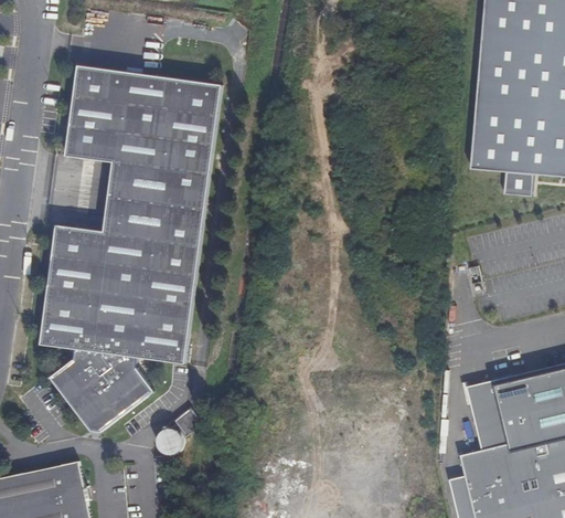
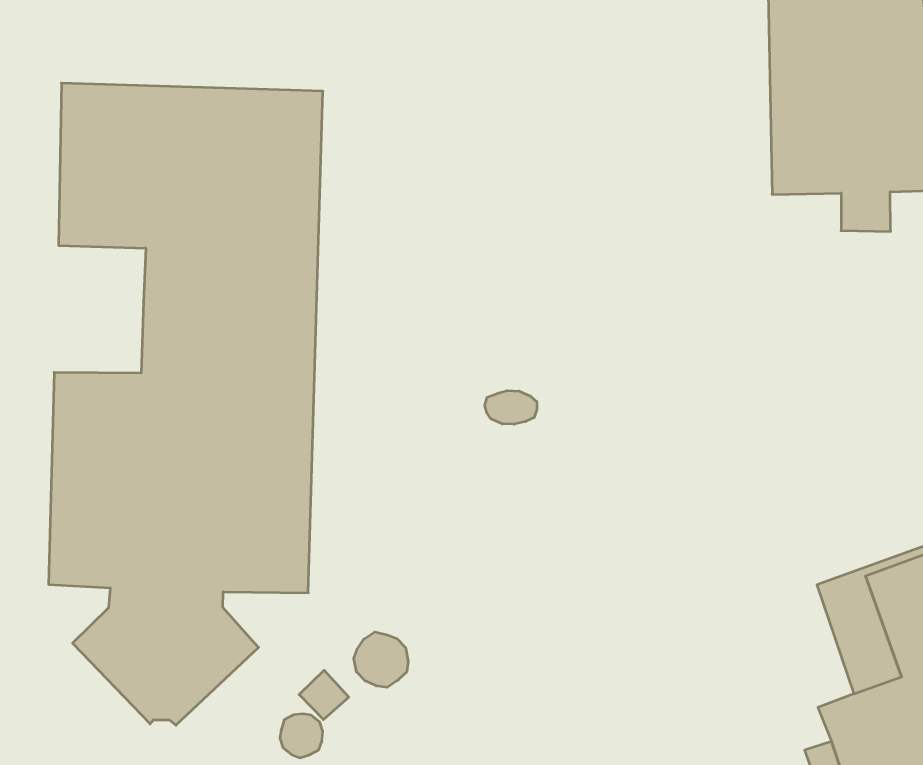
building: none -> [485,391,537,424]
building: none -> [354,632,408,687]

